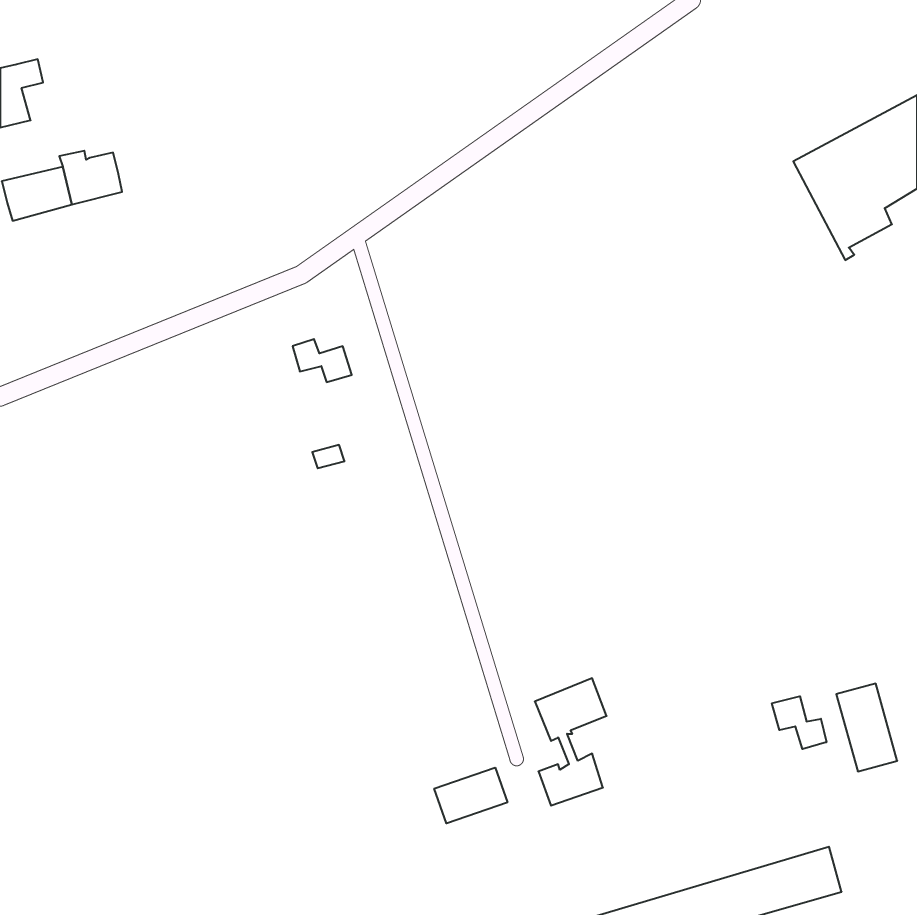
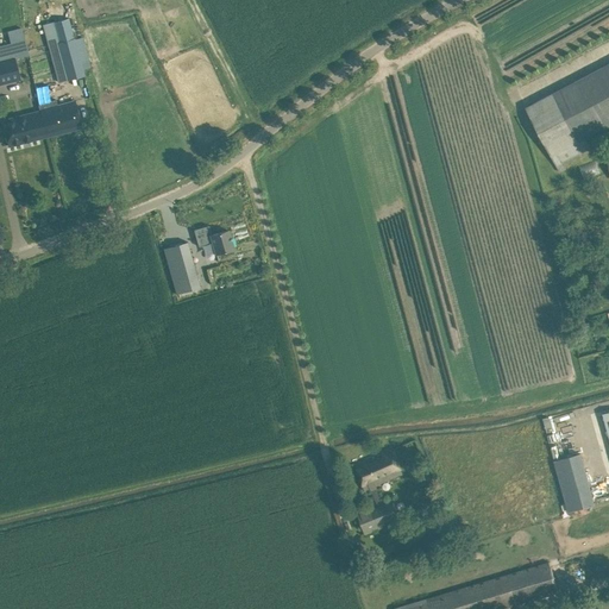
building: none -> [54,20,89,82]
building: none -> [163,243,200,295]
building: [772,696,826,749] -> none
building: [434,768,507,823] -> none

